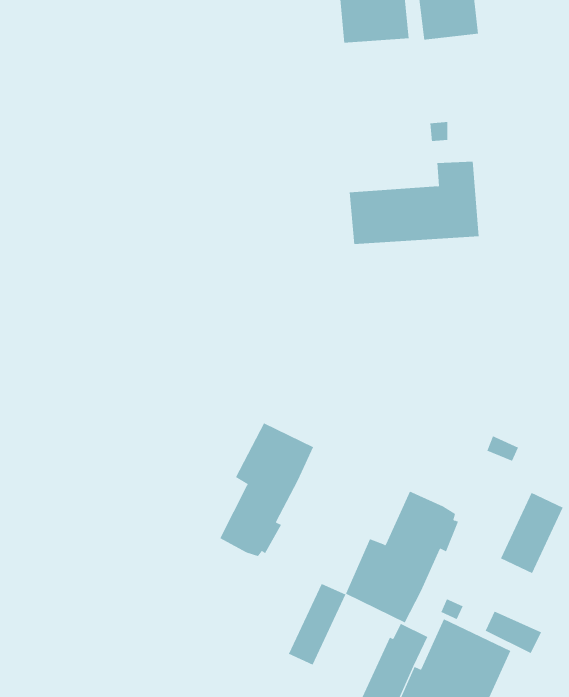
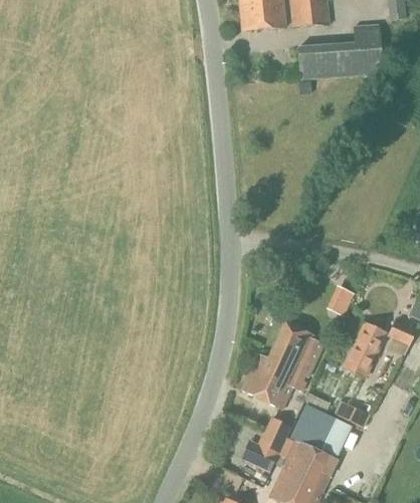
building: [349,161,480,244] -> [297,24,383,78]
building: [219,423,314,557] -> none
building: [288,583,346,665] -> none

